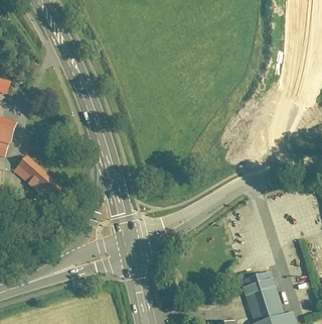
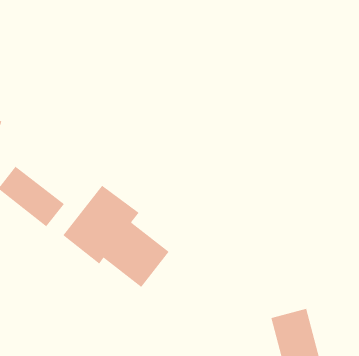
building: none -> [63,185,170,288]

